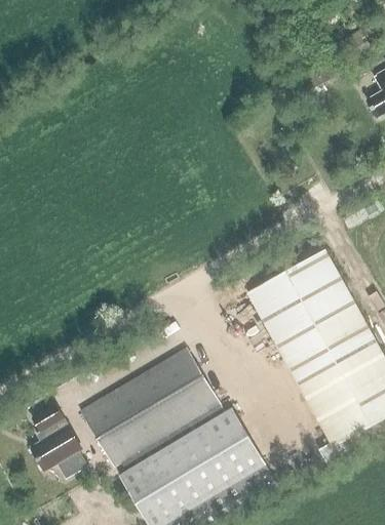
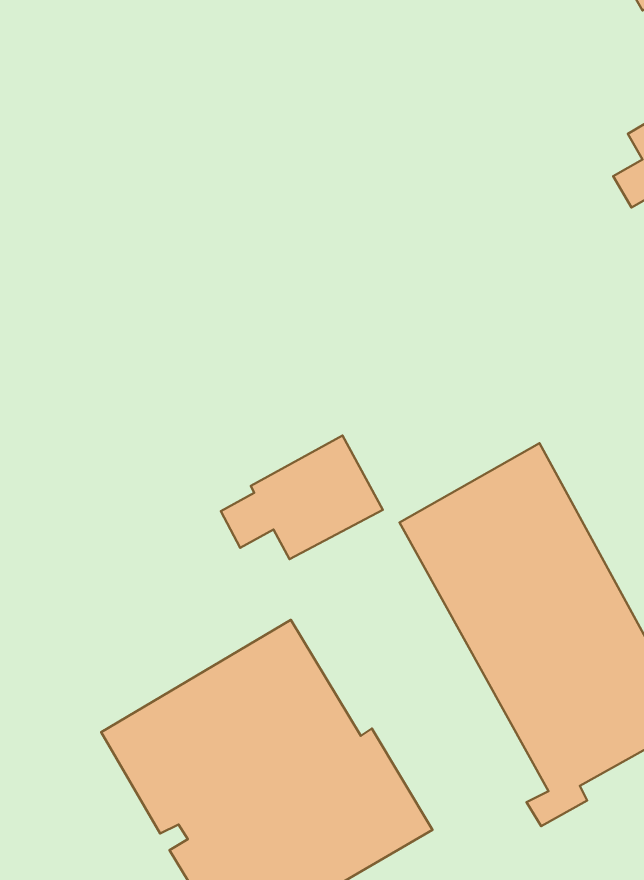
building: none -> [221,436,383,559]
building: [30,403,87,479] -> none

